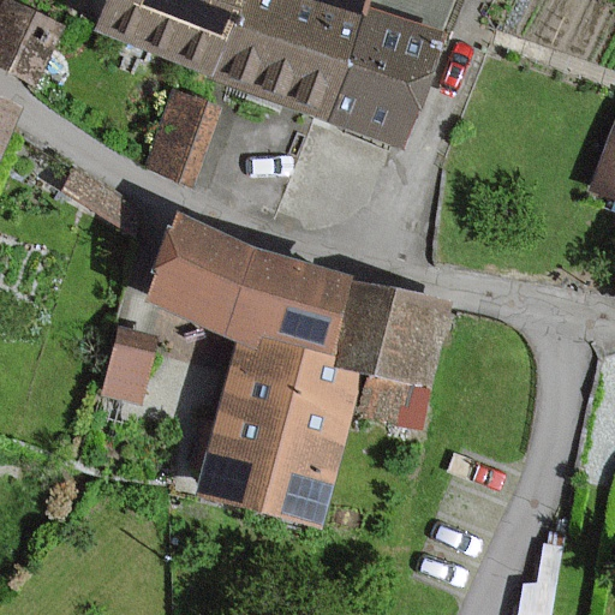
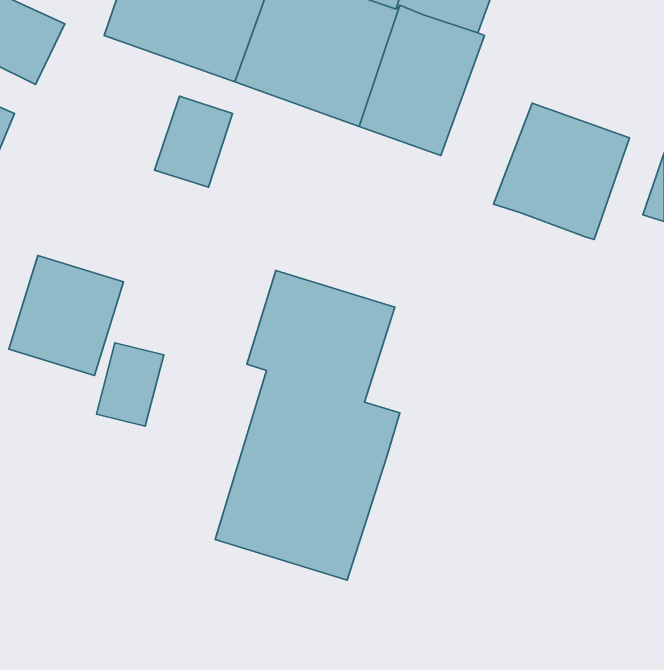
building: none -> [493,103,630,240]
building: [147,222,251,332] -> [9,255,124,375]
building: [332,280,455,435] -> none

